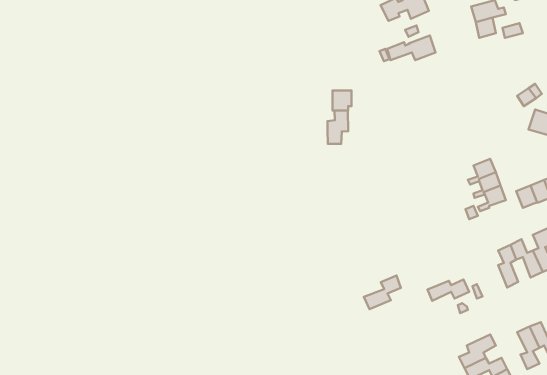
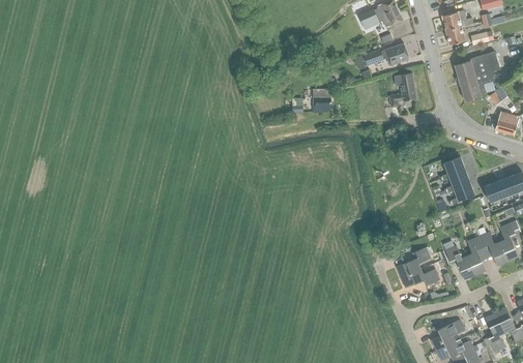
building: none -> [455,51,500,100]
building: none -> [389,72,416,107]
building: [327,111,348,144] -> none
building: none -> [445,245,475,279]
building: [364,276,401,309] -> [397,246,431,277]

